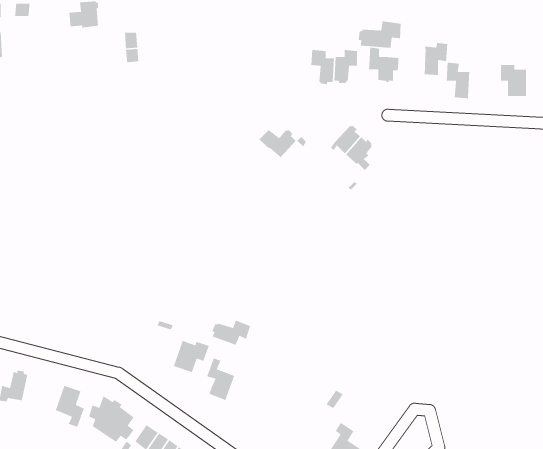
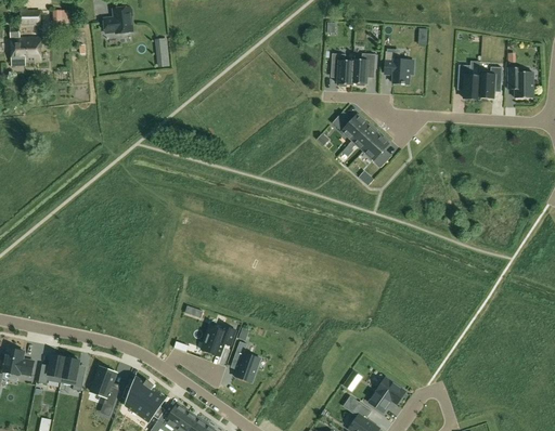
building: [358,21,402,49] -> none
building: [424,42,448,76] -> [479,67,502,99]
building: [258,129,297,158] -> [332,114,367,141]
building: [211,320,251,346] -> none
building: none -> [61,355,83,391]
building: none -> [369,377,405,412]

